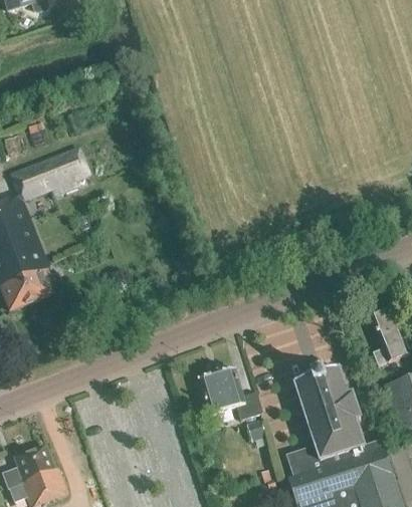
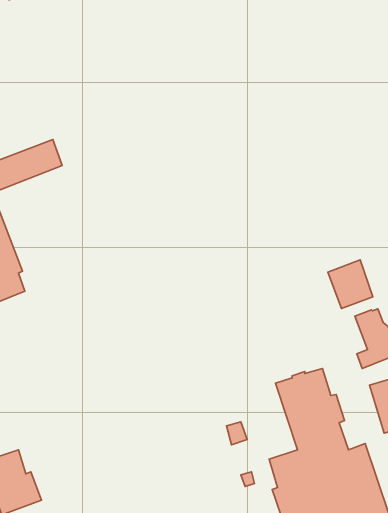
building: none -> [328,260,373,309]
building: [199,367,263,420] -> none

